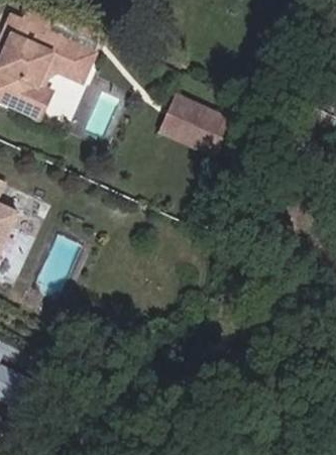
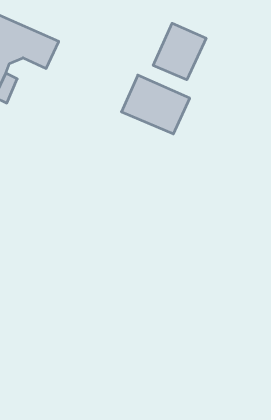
building: none -> [153,23,206,80]

